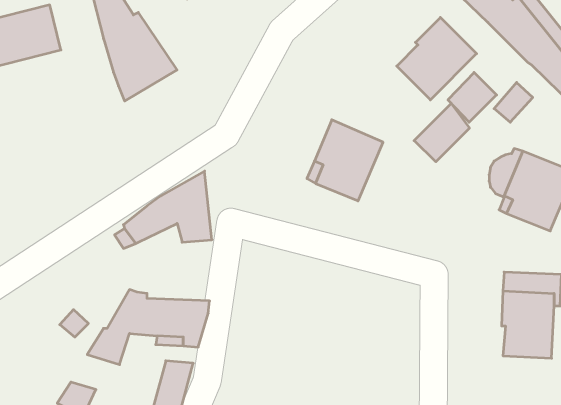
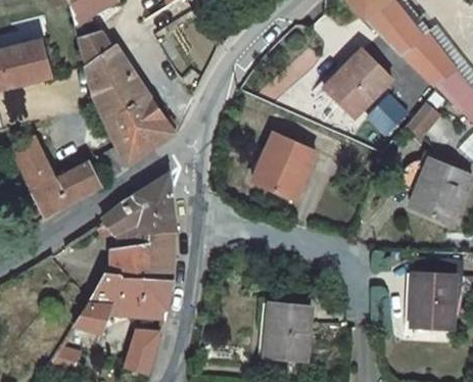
building: none -> [103,92,173,163]
building: [414,103,469,162] -> none
building: none -> [9,137,99,217]
building: none -> [112,218,175,281]
building: none -> [257,303,311,360]

